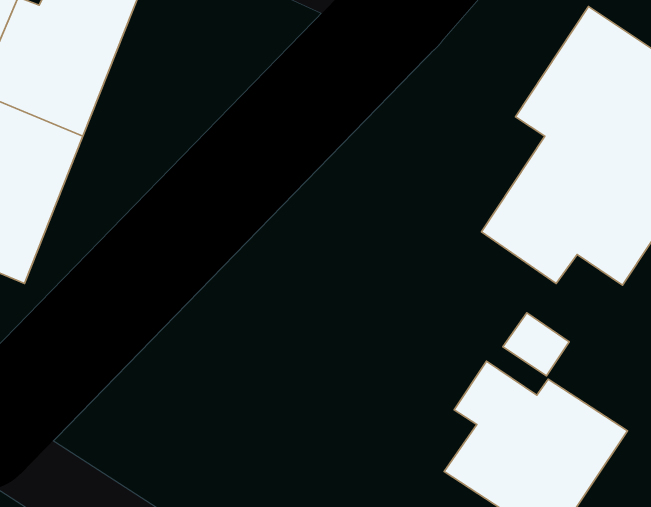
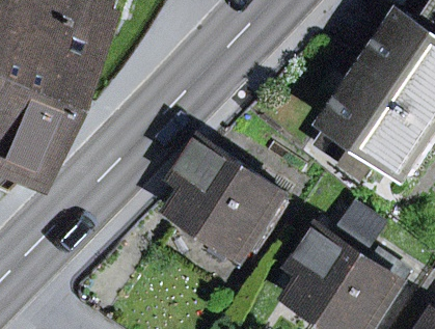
building: none -> [170,145,281,261]

